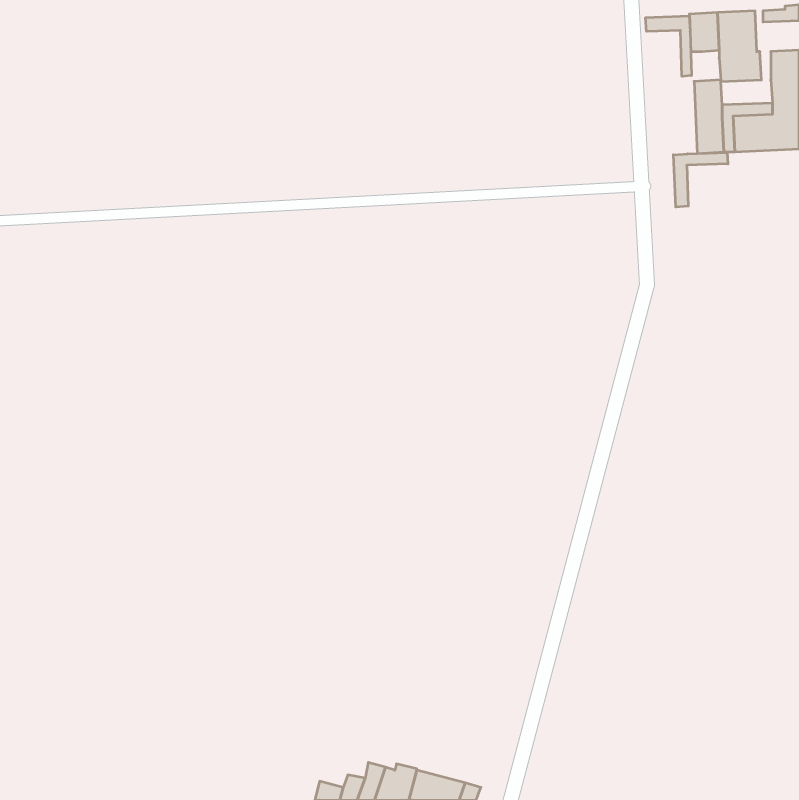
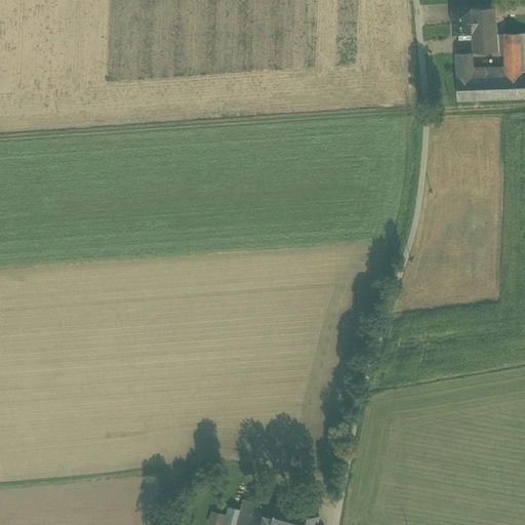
building: [646,16,691,76] -> none
building: [673,153,728,207] -> none

